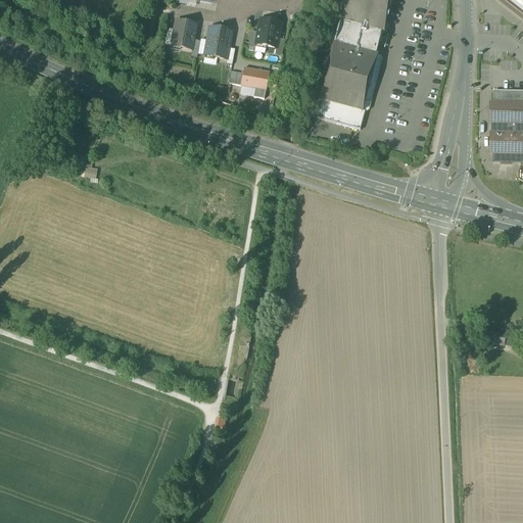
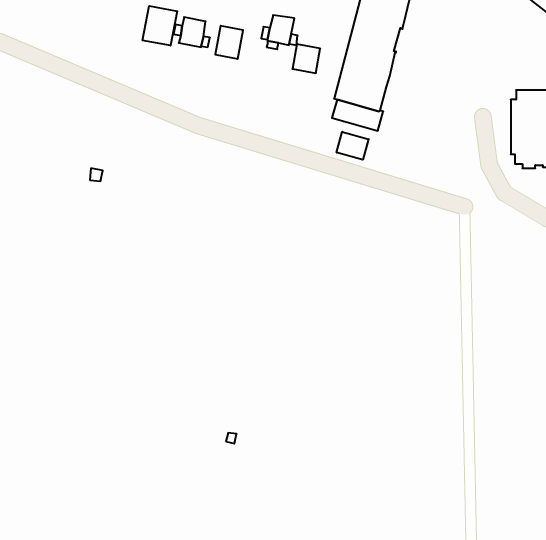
building: none -> [143,6,177,46]
building: [242,65,269,93] -> [292,44,320,73]
building: none -> [337,132,369,160]

